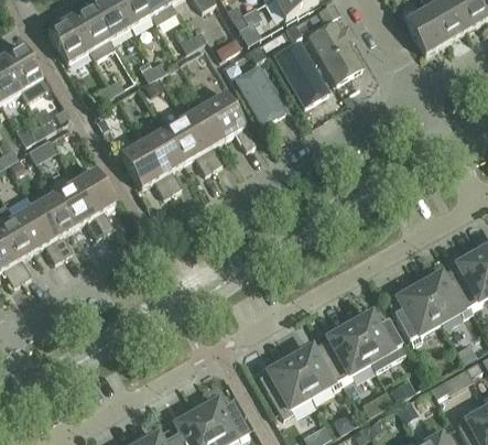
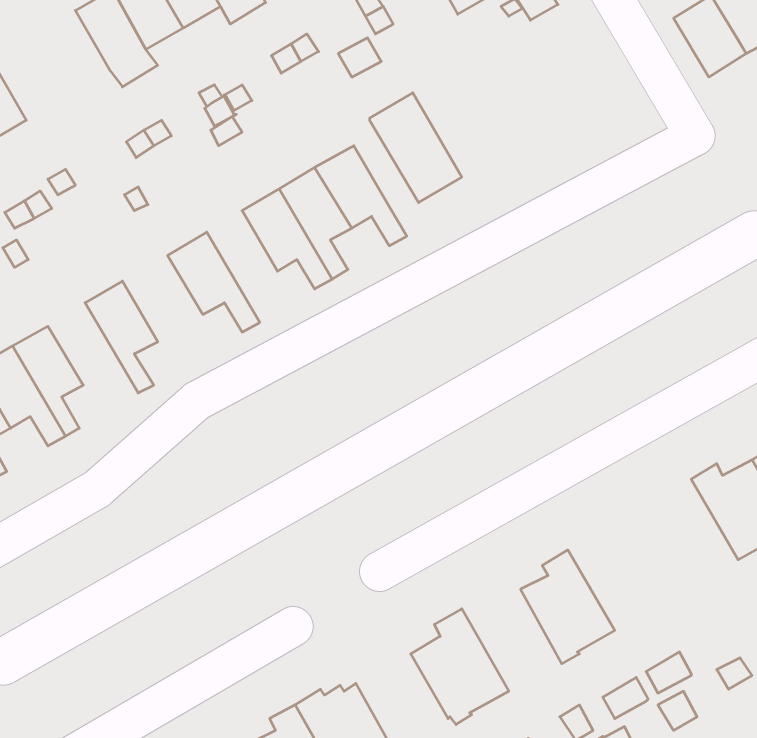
building: [47,15,89,62] -> none
building: [308,18,364,82] -> none
building: [273,37,330,105] -> none
building: [143,128,183,191] -> none
building: [54,180,105,236] -> none
building: [388,279,442,344] -> none
building: [346,306,405,368] -> none
building: [286,340,343,398] -> none

